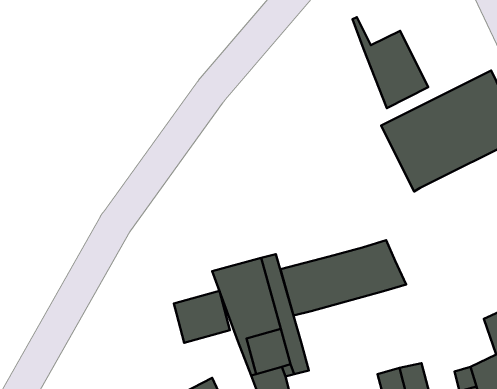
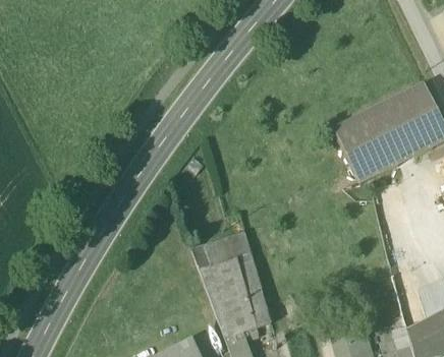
building: [353,17,428,108] -> none
building: [280,240,406,316] -> none
building: [174,291,230,343] -> none

